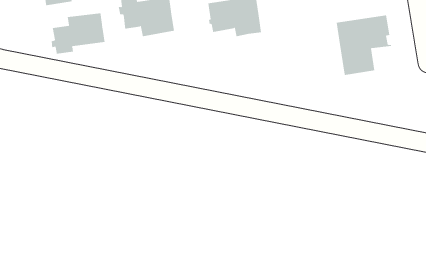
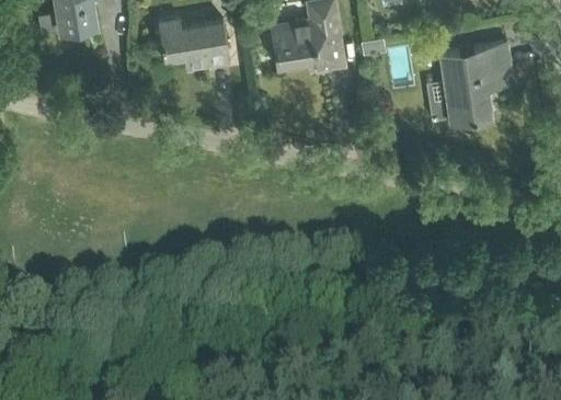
building: [51,12,105,55] -> none

